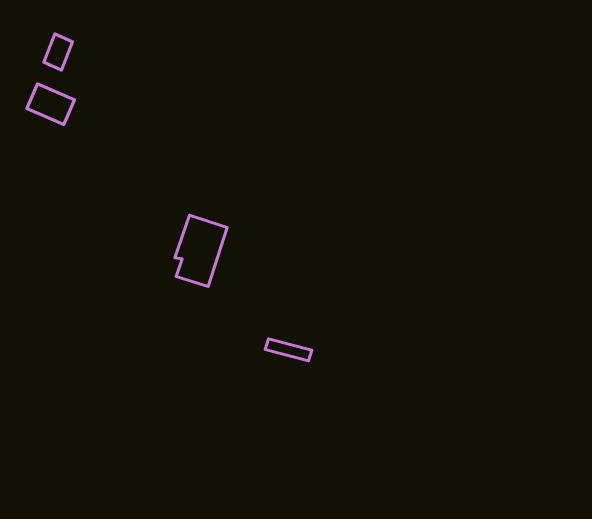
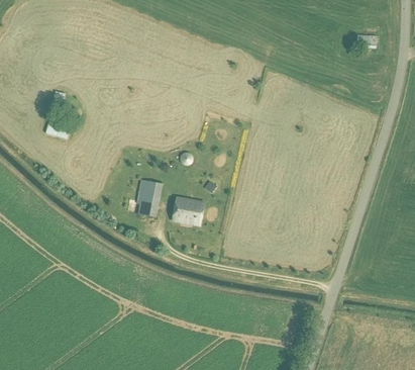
building: none -> [174,196,205,224]

